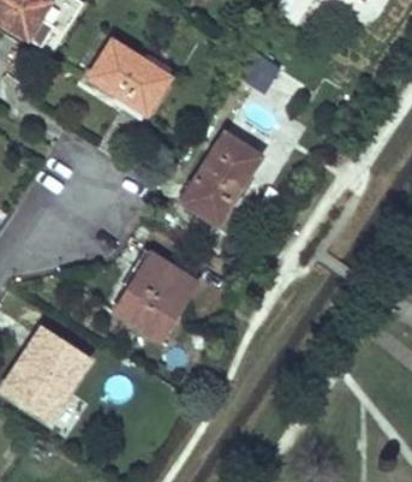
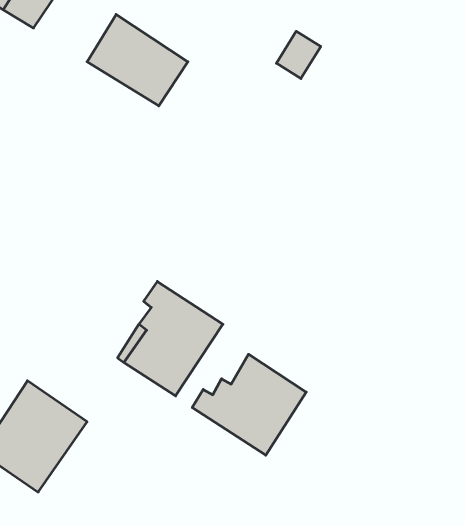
building: [181,132,261,224] -> none
building: none -> [192,354,306,455]

